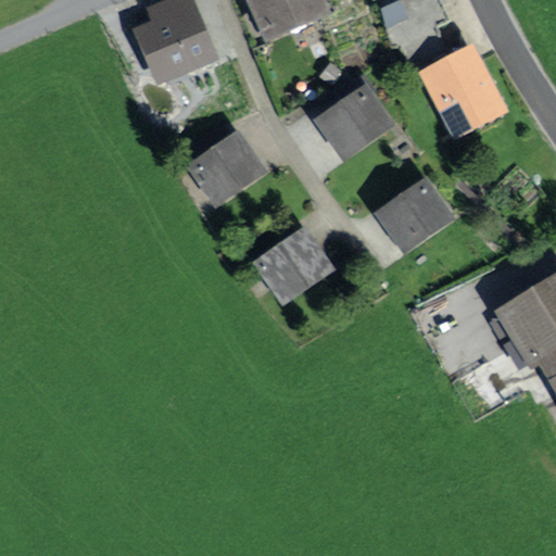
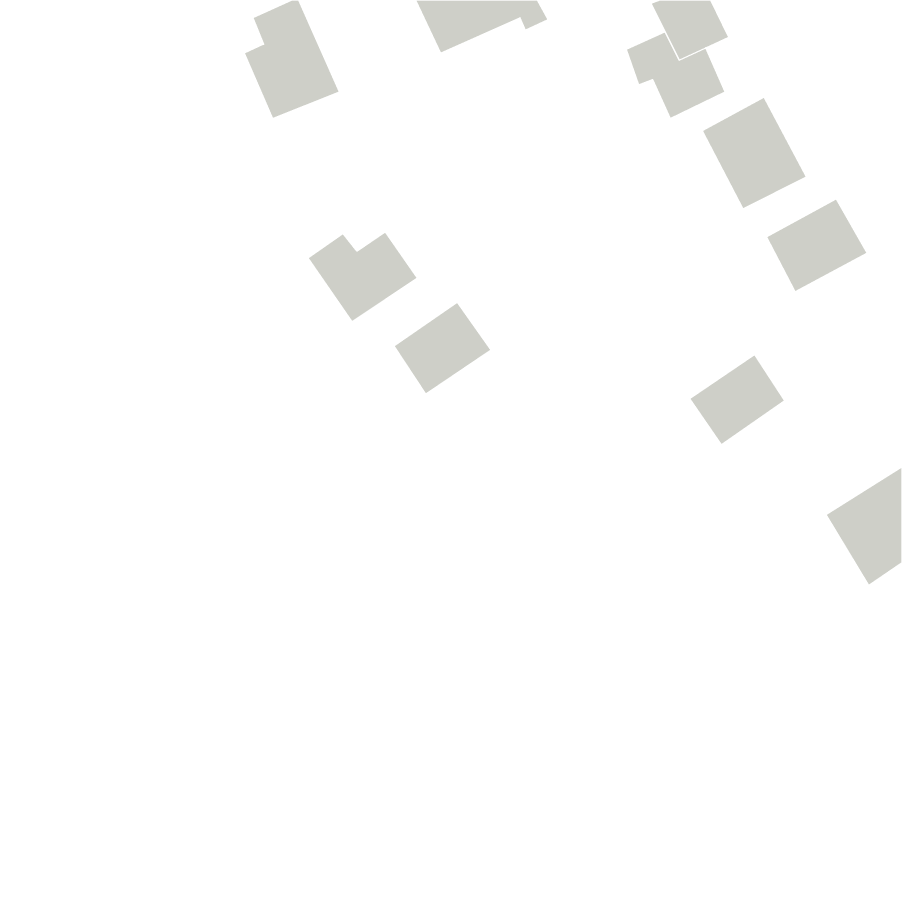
building: [325,78,383,152] -> none
building: none -> [766,199,867,292]
building: [386,190,444,245] -> [689,354,785,445]
building: [264,240,324,296] -> [394,302,491,394]

